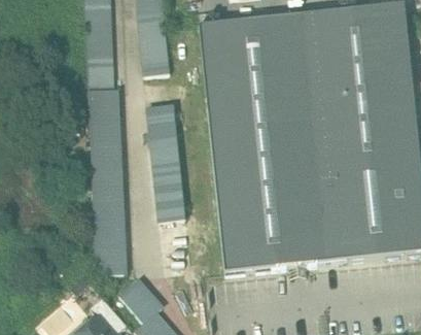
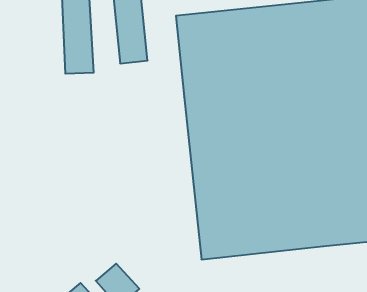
building: [89,88,126,272] -> none
building: [145,104,187,223] -> none

